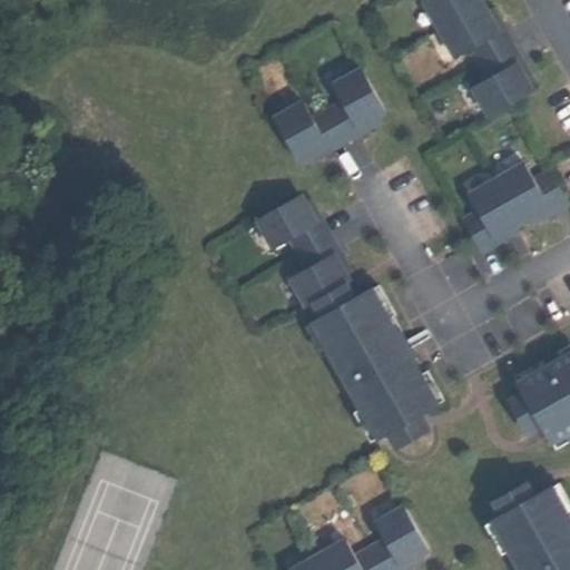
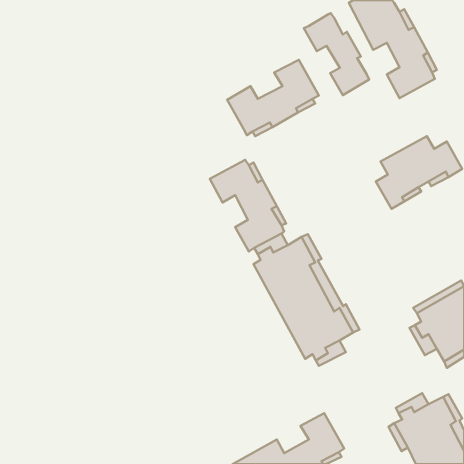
building: none -> [304,13,369,95]

